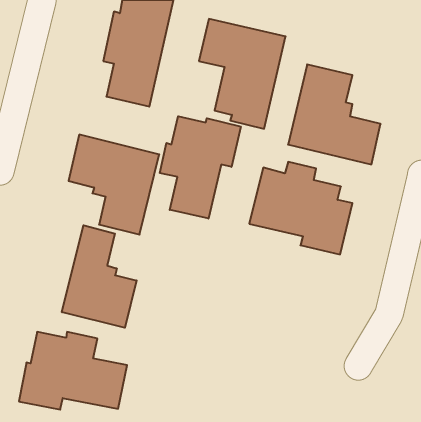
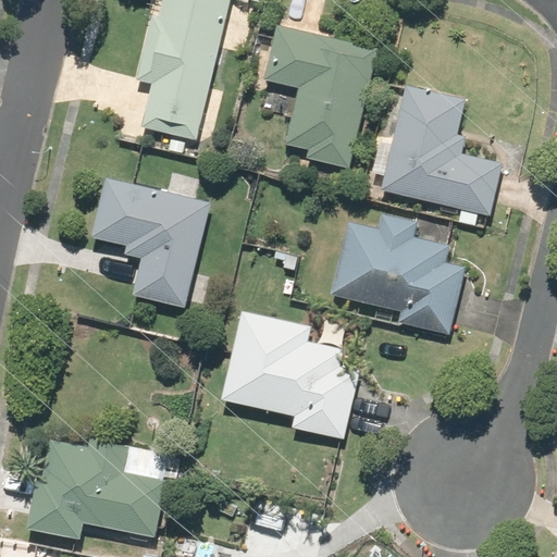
building: [160,116,241,219] -> none
building: [62,225,137,328] -> none
building: none -> [220,310,360,438]

